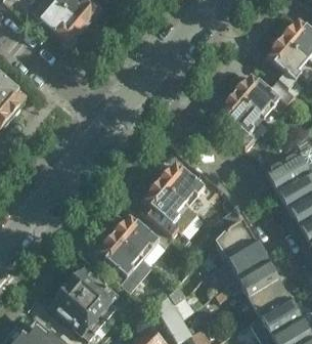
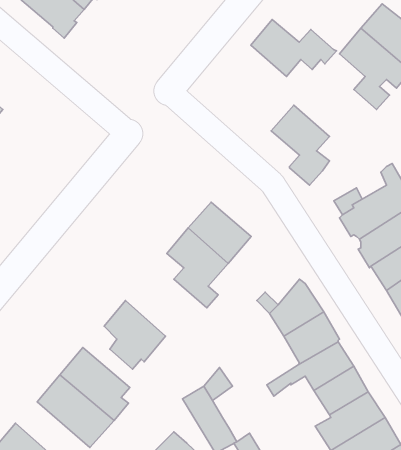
building: [234,74,296,115] -> [251,20,336,77]
building: [114,214,172,258] -> none

